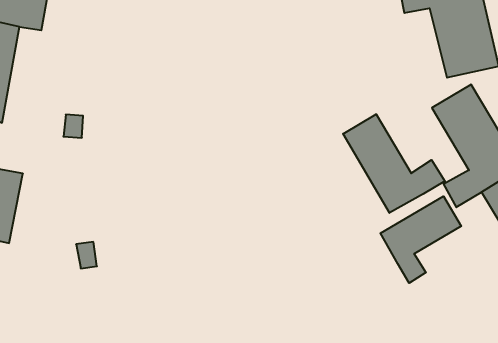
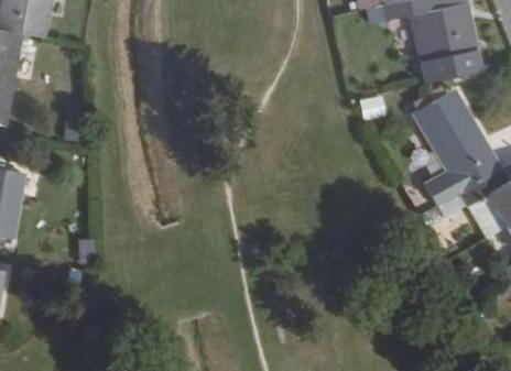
building: [343,114,445,213] -> none
building: [380,196,461,283] -> none

